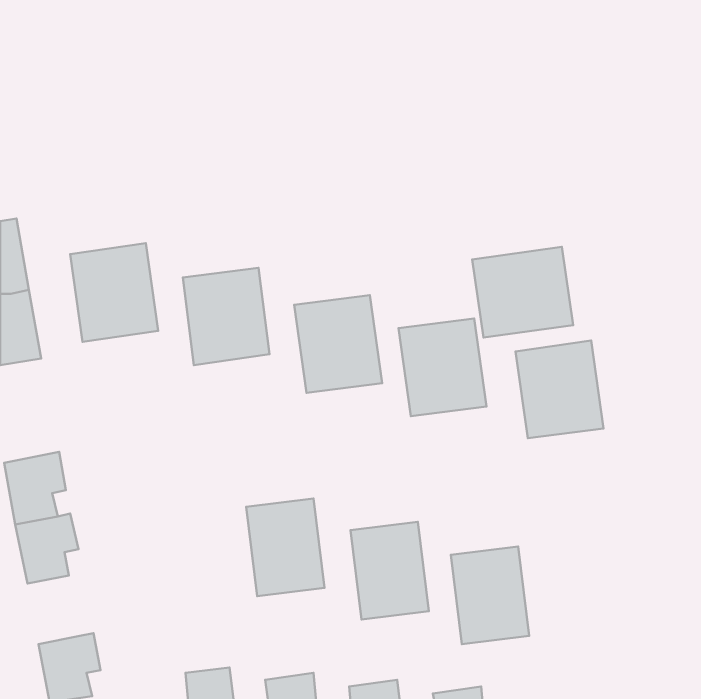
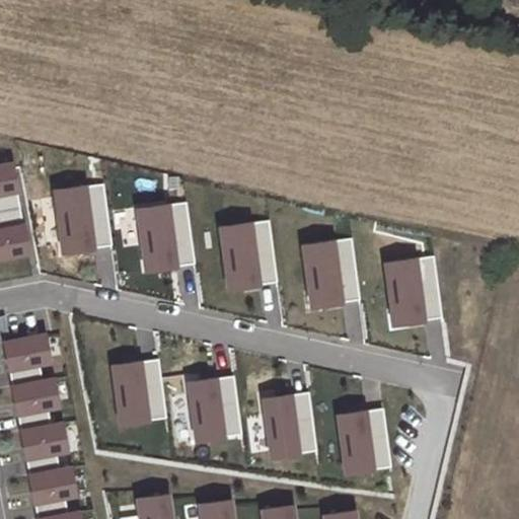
building: [472,247,573,338] -> none
building: none -> [109,360,167,432]
building: none -> [21,425,67,477]

